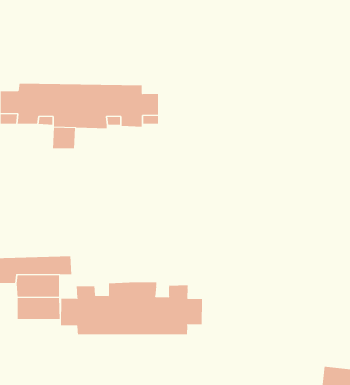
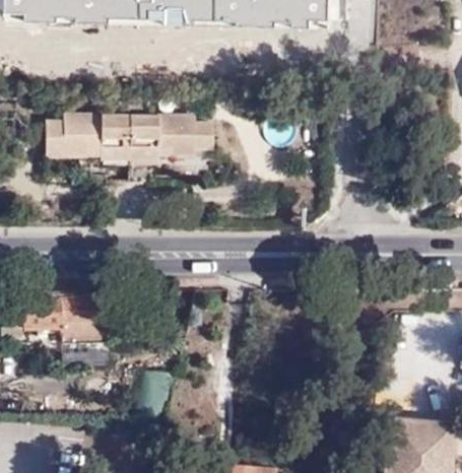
building: [61,281,202,335] -> none

